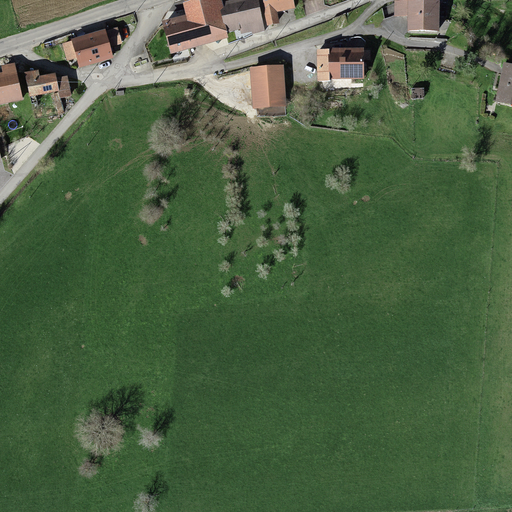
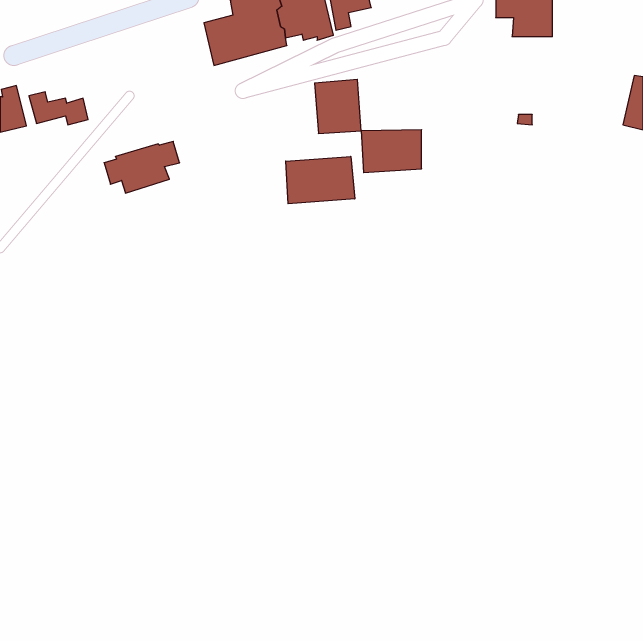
building: [62,25,122,66] -> [104,141,180,193]
building: [316,45,364,79] -> [361,130,422,173]
building: none -> [286,156,355,204]

